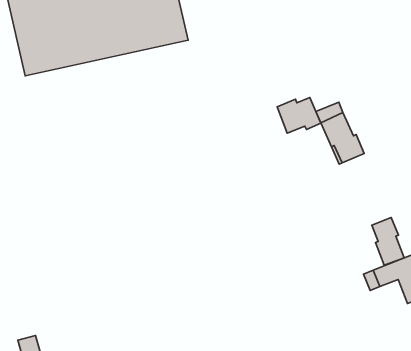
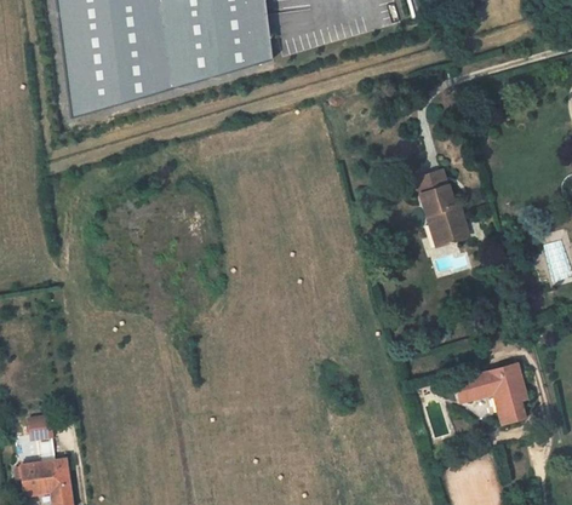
building: [277,98,321,133] -> none
building: [372,217,404,265] -> none

